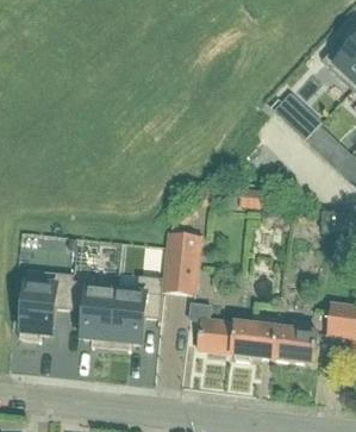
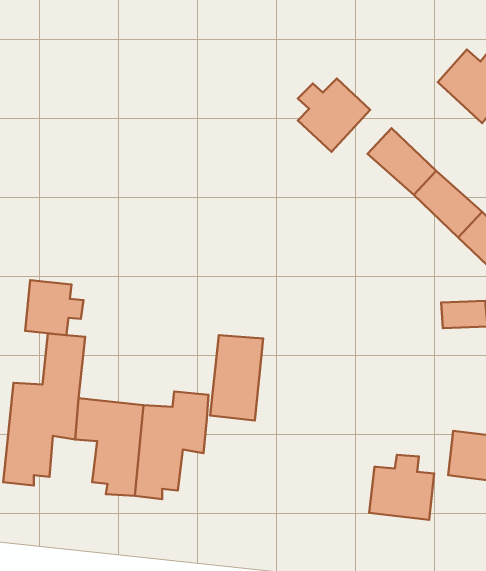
building: none -> [298,79,370,152]
building: none -> [25,280,83,335]
building: [189,302,280,359] -> none

